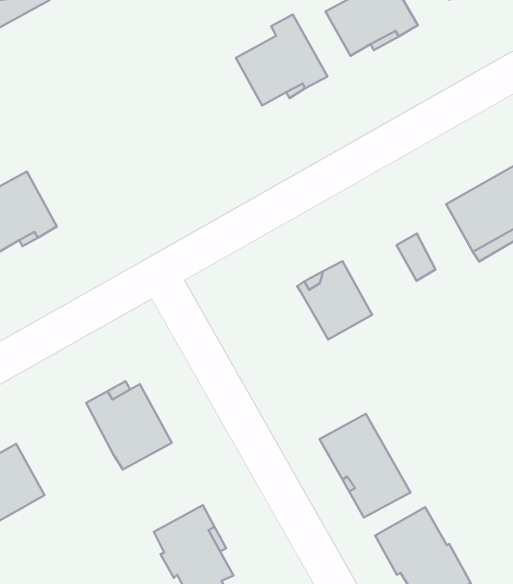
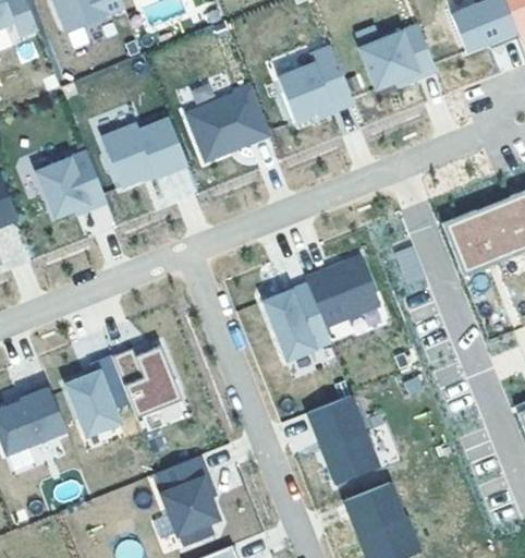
building: none -> [185,86,271,161]
building: none -> [102,119,187,186]
building: none -> [261,283,331,361]
building: none -> [65,355,130,435]

